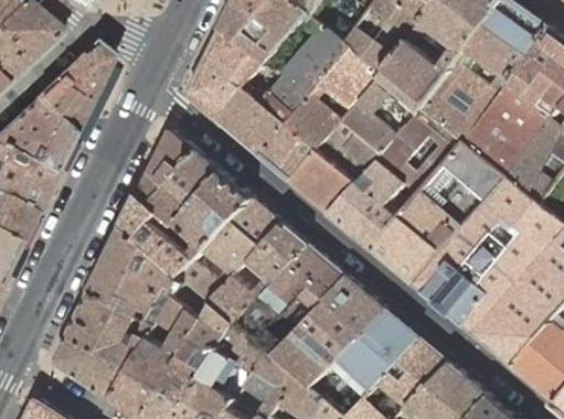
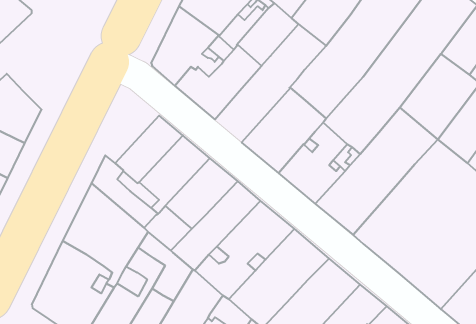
building: [28,49,106,144] -> none
building: [258,50,382,181] -> none
building: [137,130,196,204] -> none
building: [180,259,233,301] -> none

